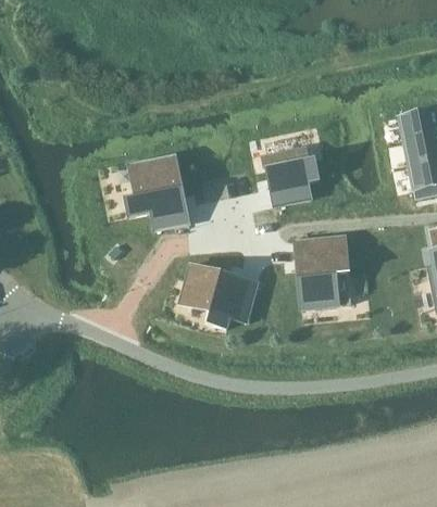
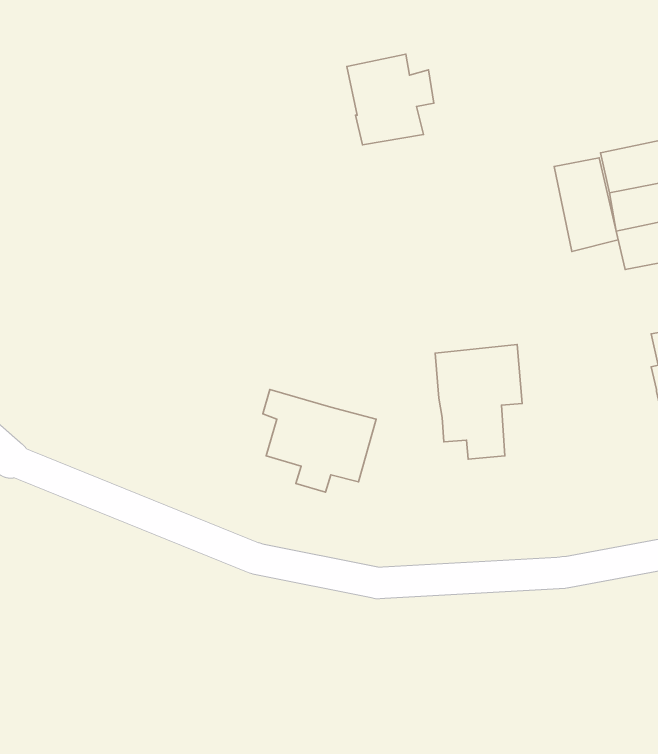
building: none -> [554,158,618,251]
building: [264,149,319,205] -> [347,54,434,145]
building: [126,155,189,229] -> none

